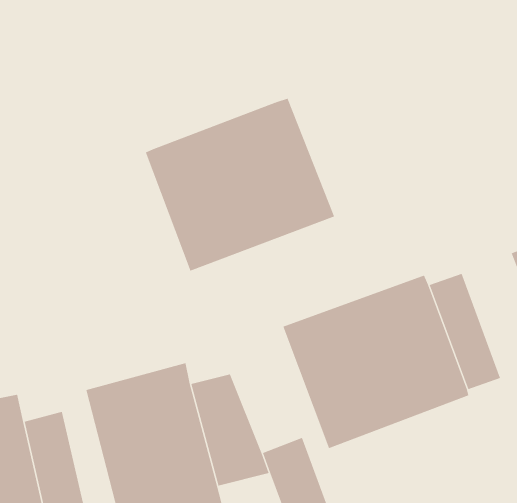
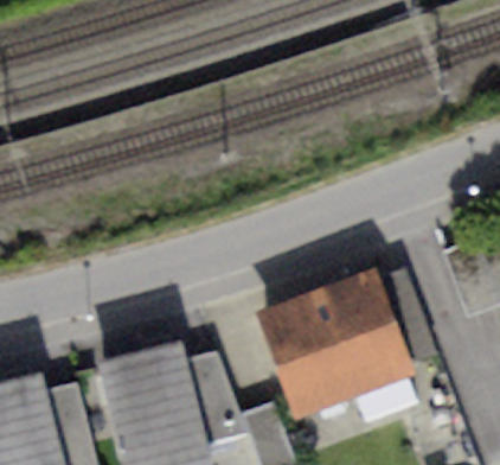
building: [145,98,335,272] -> none

